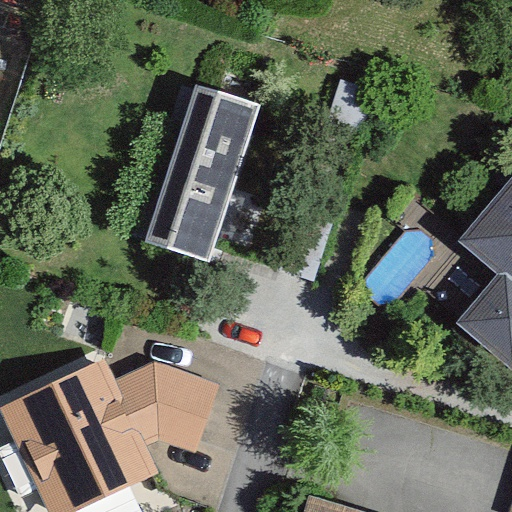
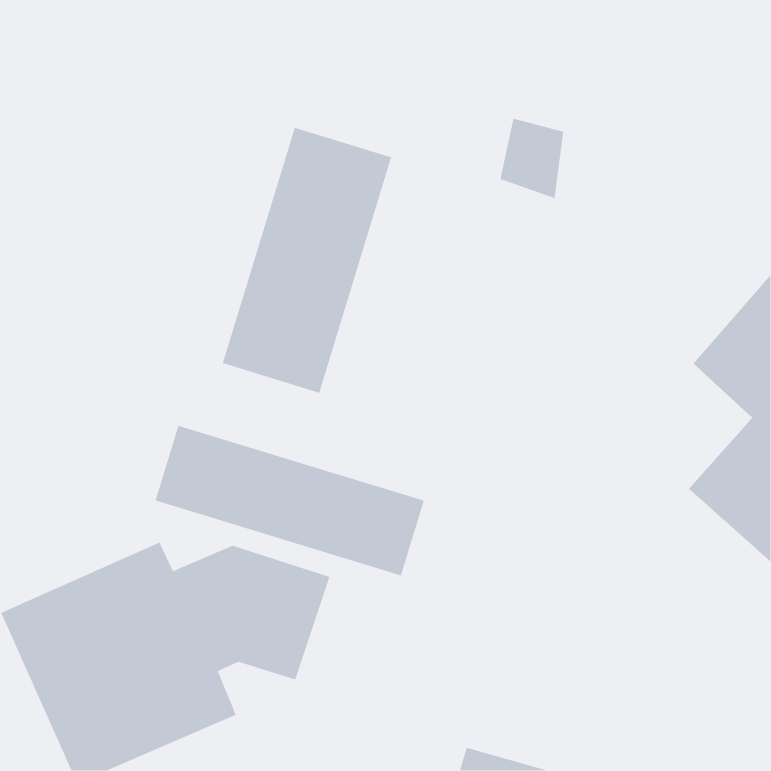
building: none -> [155,425,425,576]

